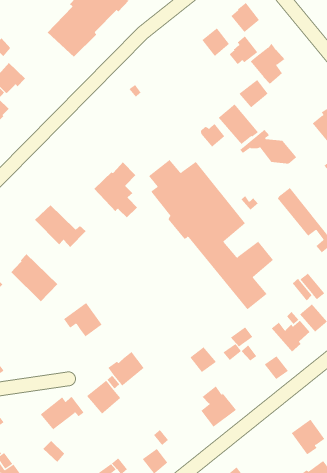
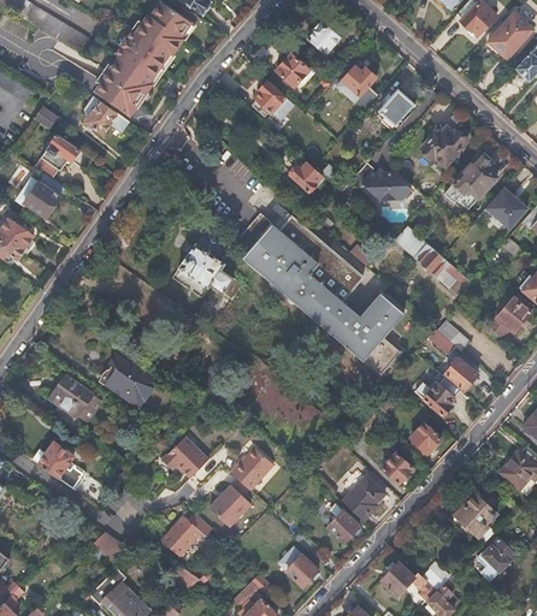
building: [229,36,258,65] -> [252,81,285,117]
building: none -> [83,96,117,132]
building: [239,79,269,108] -> [379,89,414,124]
building: [218,104,259,145] -> none
building: [34,205,86,248] -> none
building: [63,302,103,337] -> [160,437,207,478]
building: [190,346,217,373] -> [382,451,414,482]
building: none -> [329,504,360,541]

